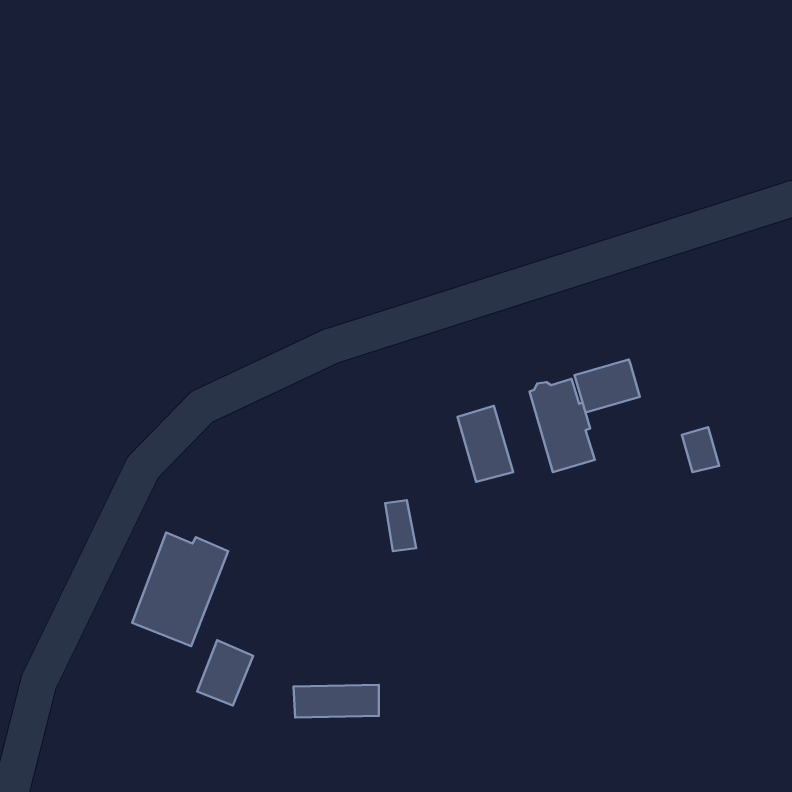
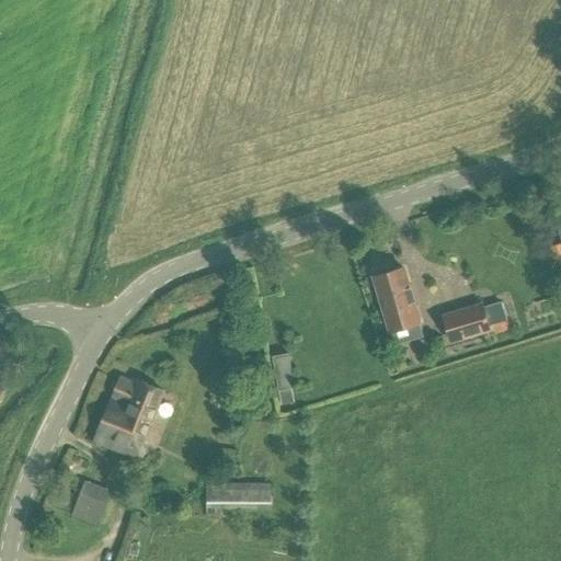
building: [574,360,640,412] -> [442,304,488,341]
building: [457,406,513,482] -> none
building: [197,640,253,705] -> [71,479,111,525]

